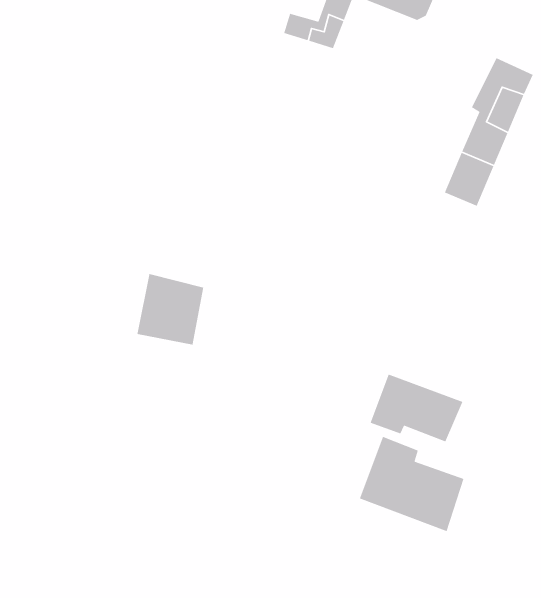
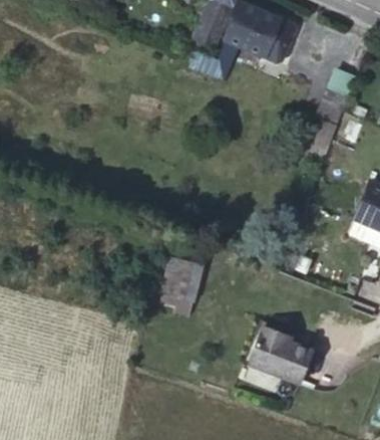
building: [136,273,204,346] -> [156,259,200,305]
building: [369,373,464,443] -> none

